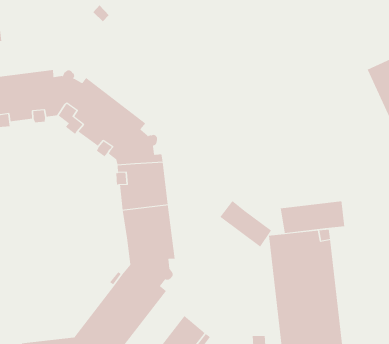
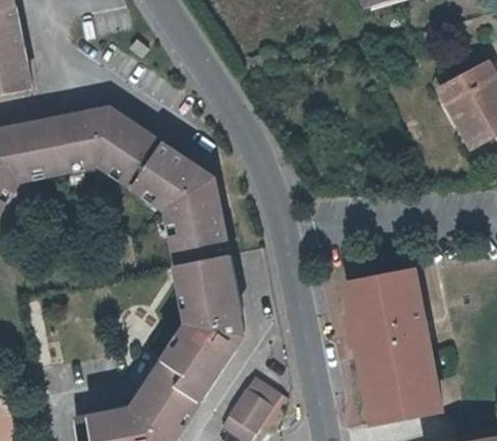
building: [220,200,272,248] -> none
building: [280,200,345,234] -> none

